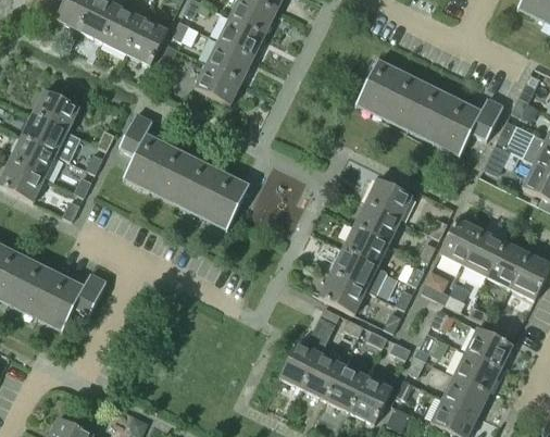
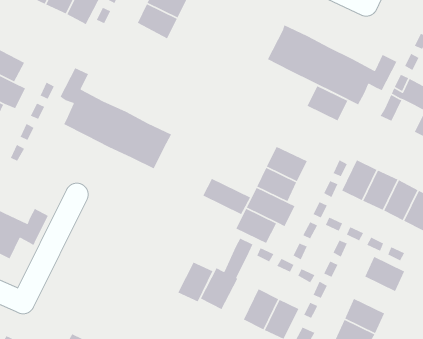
building: [195,62,241,103] -> none
building: [365,177,413,218] -> [306,85,348,122]
building: none -> [202,178,251,215]
building: [453,350,501,391] -> none
building: [303,352,345,399] -> [177,261,213,303]

